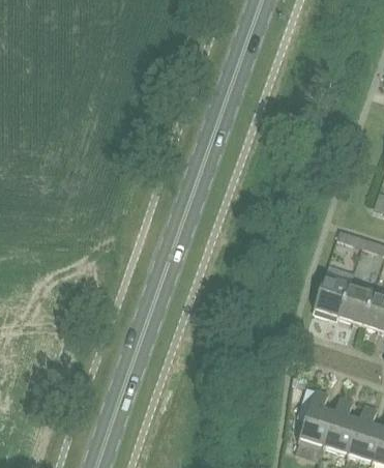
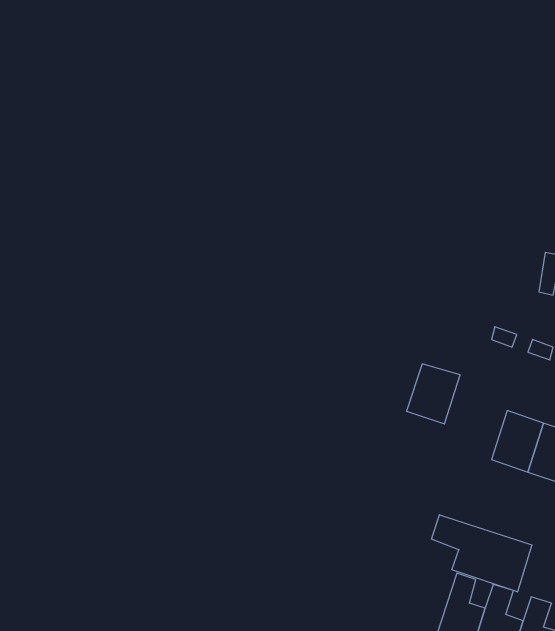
building: [315,274,350,314] -> [406,364,460,424]
building: none -> [432,515,532,592]

